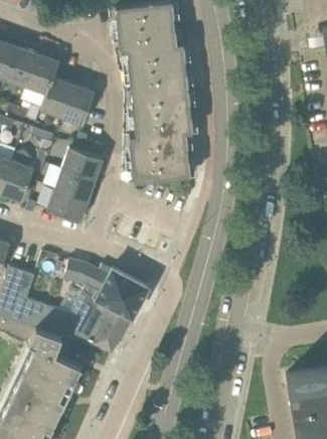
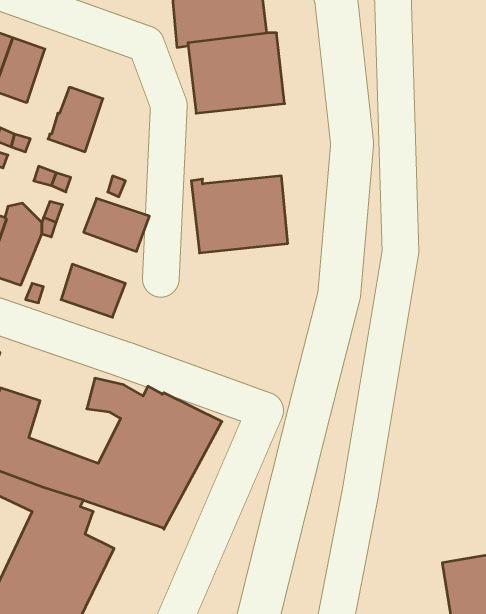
building: [21,52,59,106] -> none
building: [62,84,95,124] -> none
building: [132,87,192,137] -> none
building: [54,167,95,199] -> none

